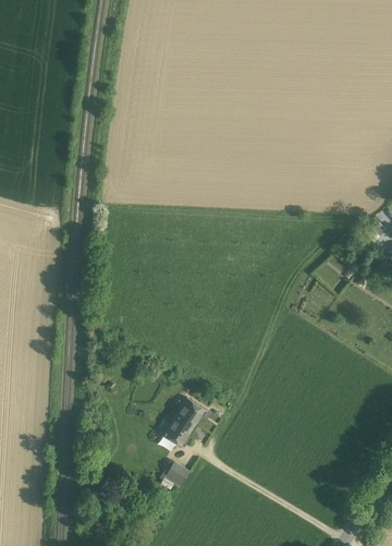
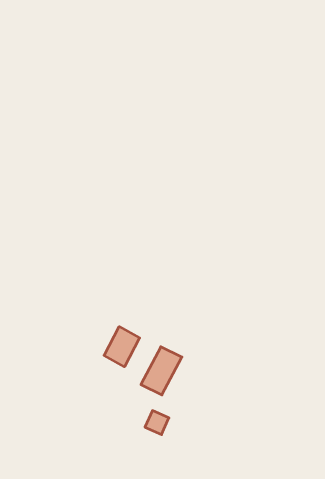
building: none -> [104,327,140,367]

